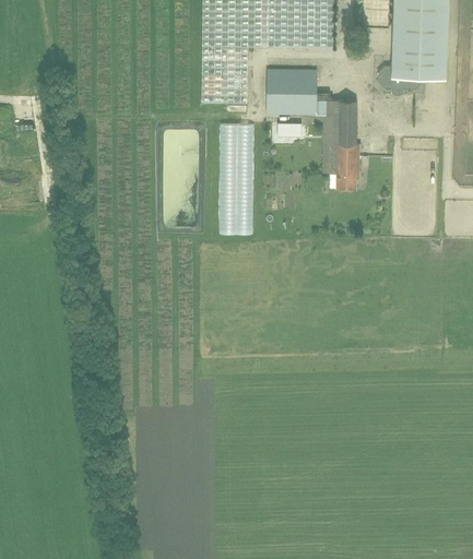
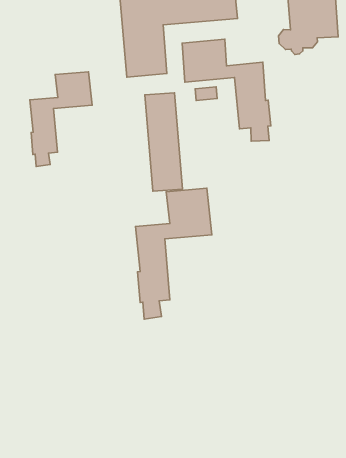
building: none -> [30,72,92,166]
building: none -> [135,188,212,319]

